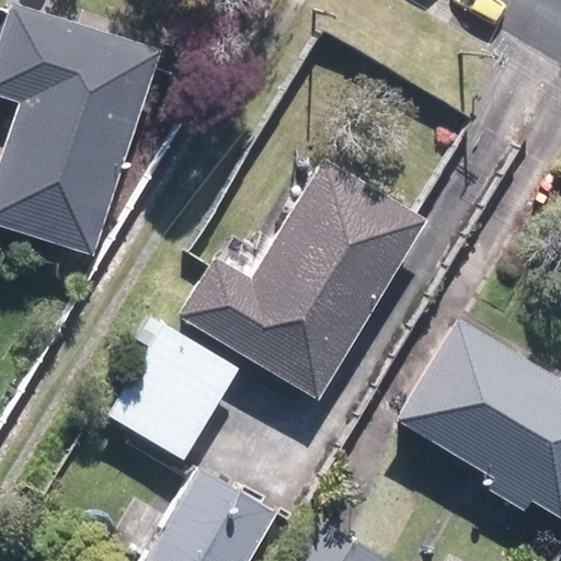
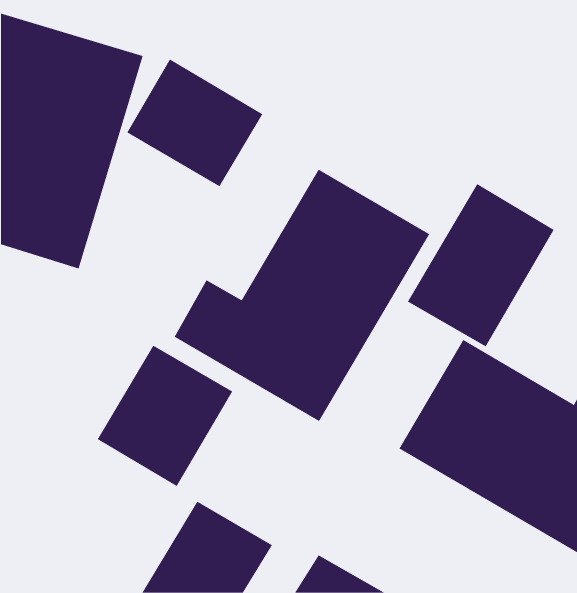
building: none -> [127,59,263,187]
building: none -> [407,183,555,347]

